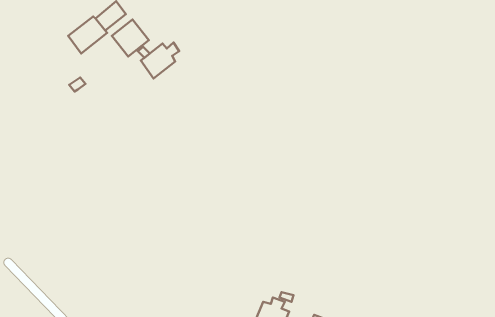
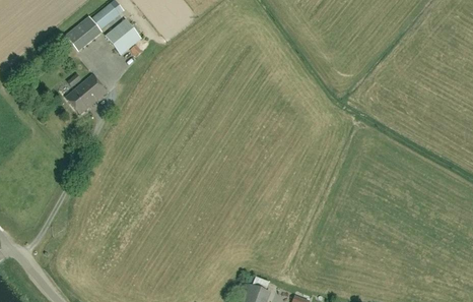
building: [141,43,179,79] -> none
building: none -> [65,73,107,114]

